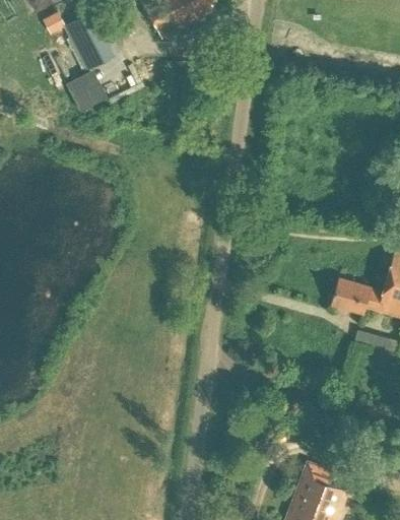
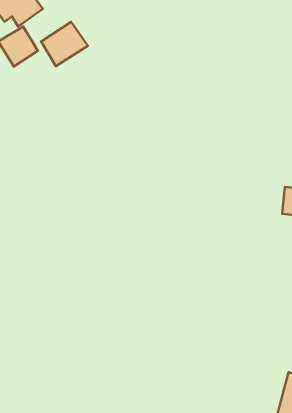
building: none -> [41,22,88,66]

